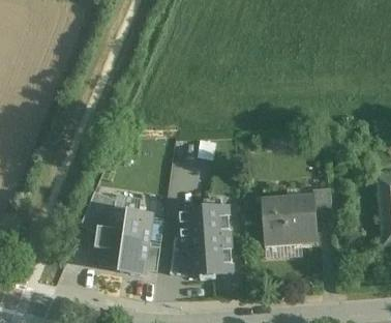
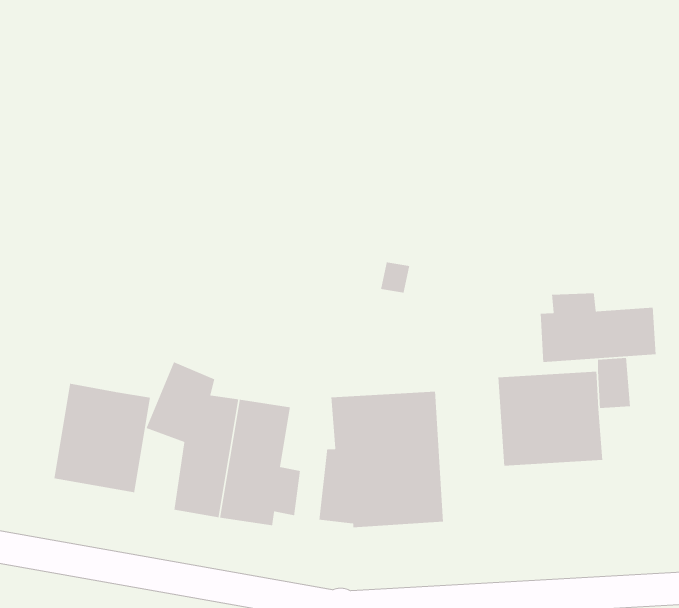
building: none -> [540,292,657,363]
building: none -> [53,383,151,493]

